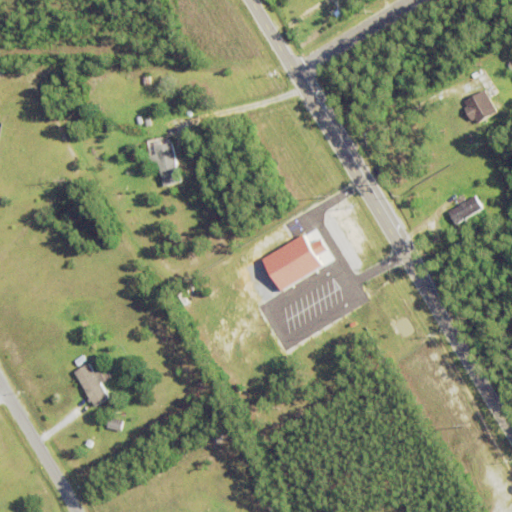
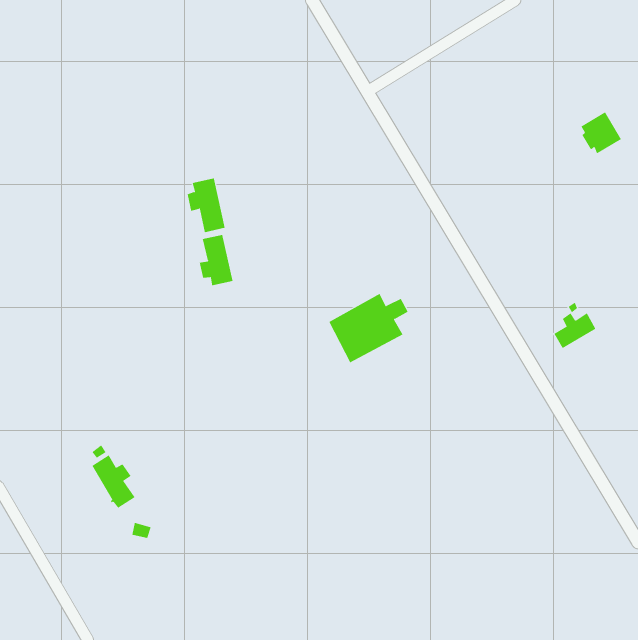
building: none -> [199,234,233,286]
building: [447,195,481,224] -> [553,313,596,349]

